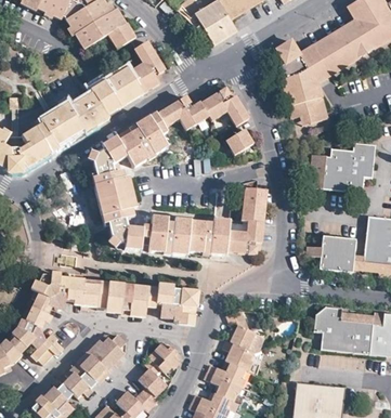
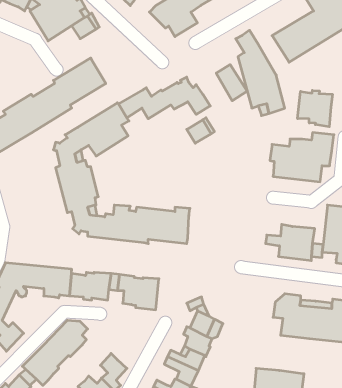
building: [130,40,167,93] -> none
building: [299,44,330,81] -> [216,65,247,101]
building: none -> [298,90,332,127]
building: [227,185,264,252] -> none
building: [145,342,181,374] -> none

